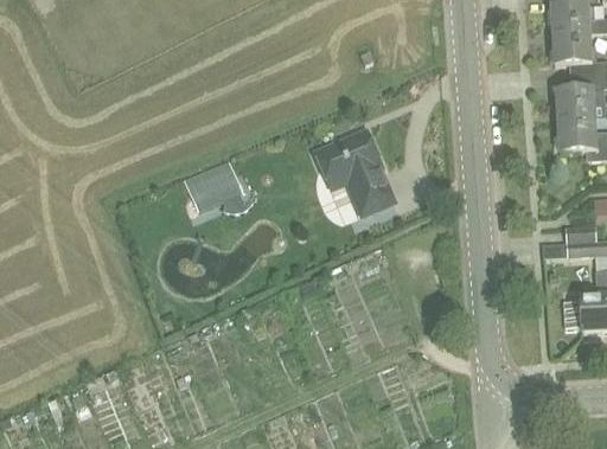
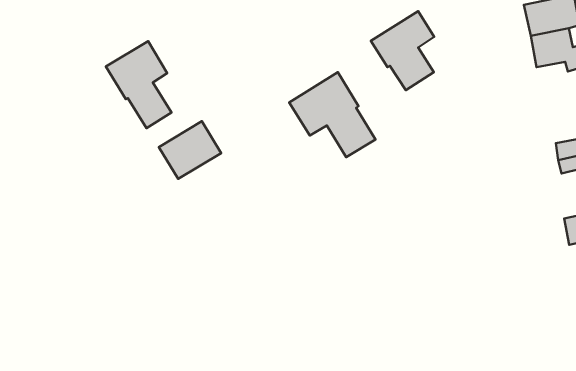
building: none -> [106,41,171,128]
building: none -> [371,11,434,90]

